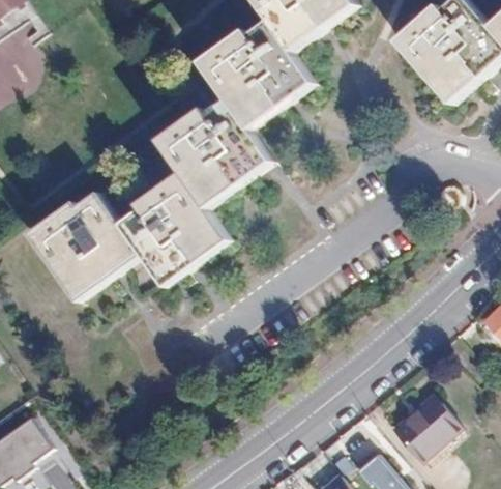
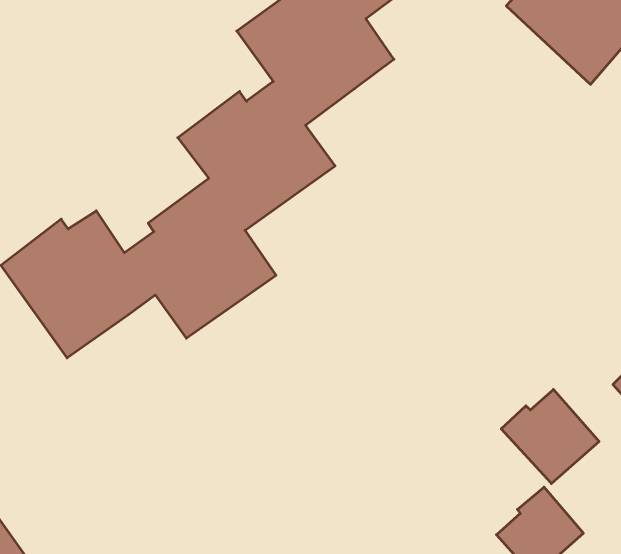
building: none -> [501,389,599,484]

